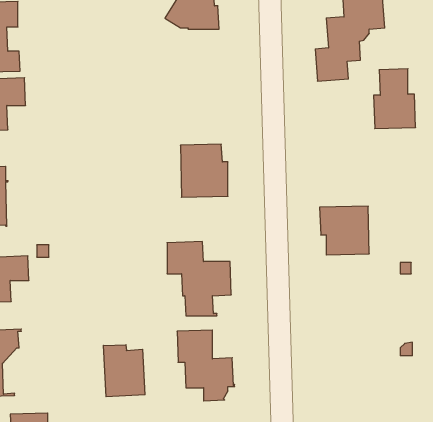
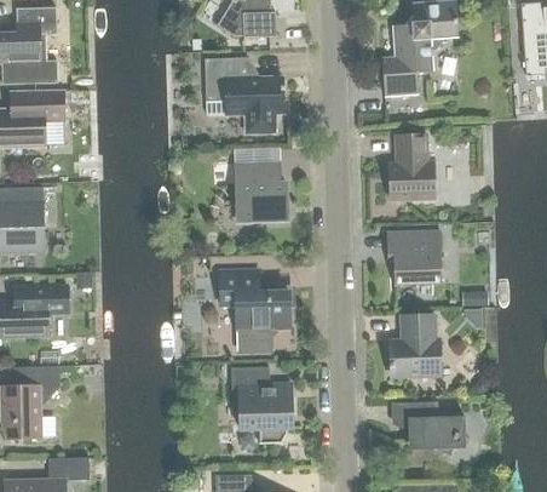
building: none -> [205,57,284,133]
building: [374,69,416,129] -> [388,133,434,199]
building: none -> [390,314,439,377]
building: [103,345,145,397] -> none
building: none -> [391,401,463,454]

